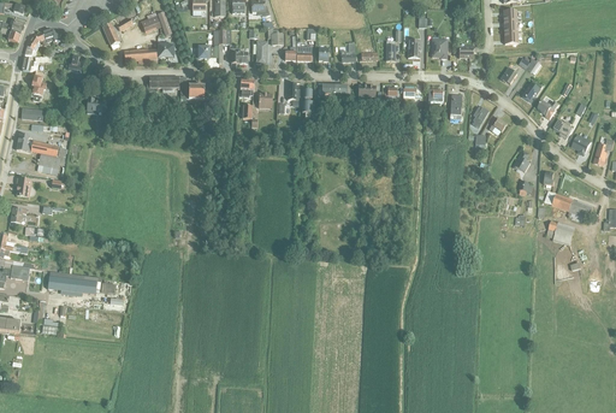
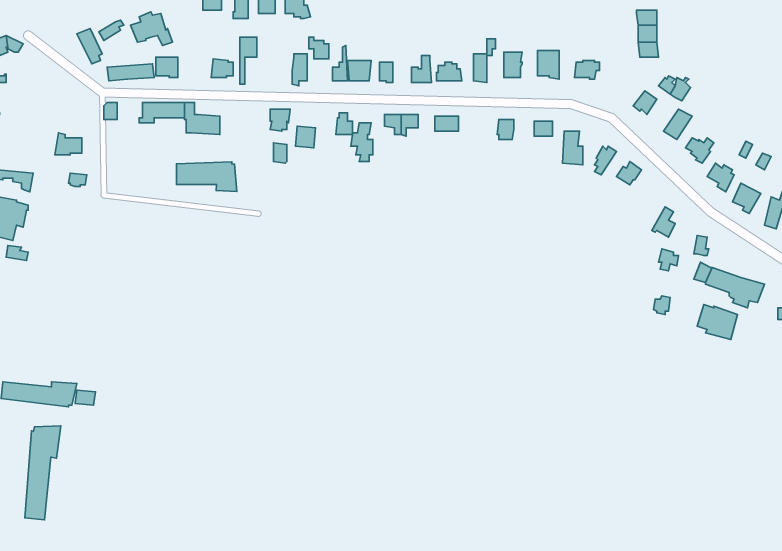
building: none -> [176,162,237,191]
building: none -> [25,426,61,520]

